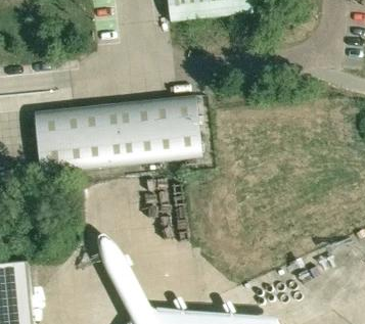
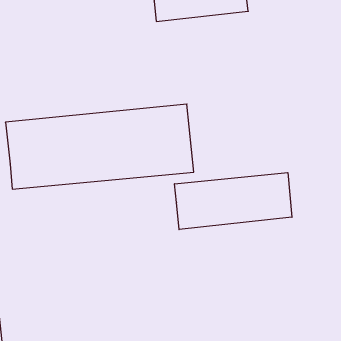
building: none -> [175,173,292,230]

